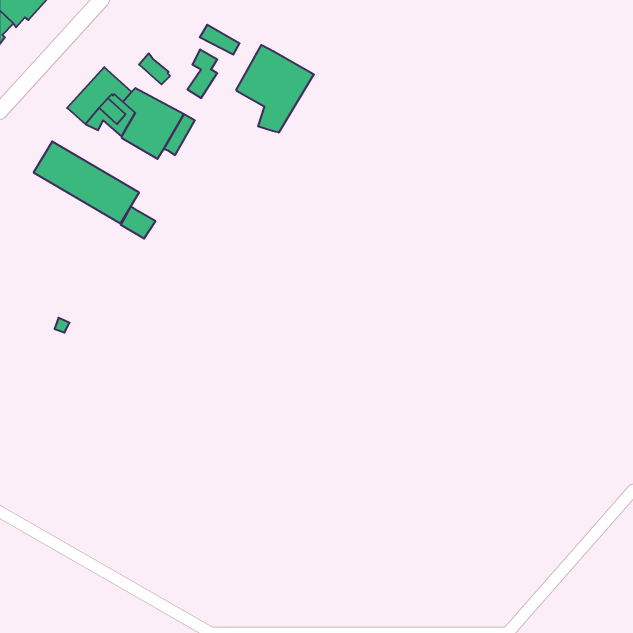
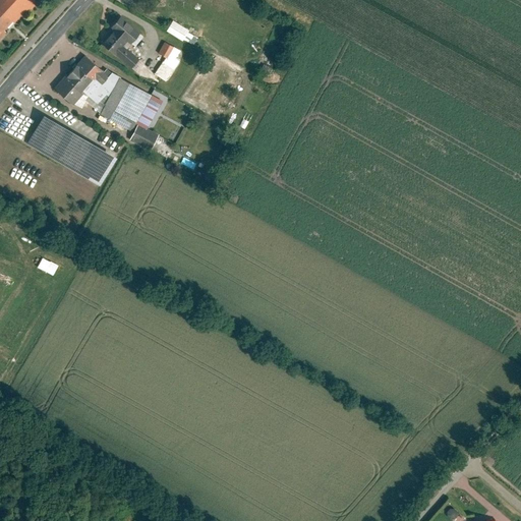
building: none -> [101,16,135,53]
building: [236,45,314,133] -> none
building: [121,206,155,239] -> [129,123,158,150]

